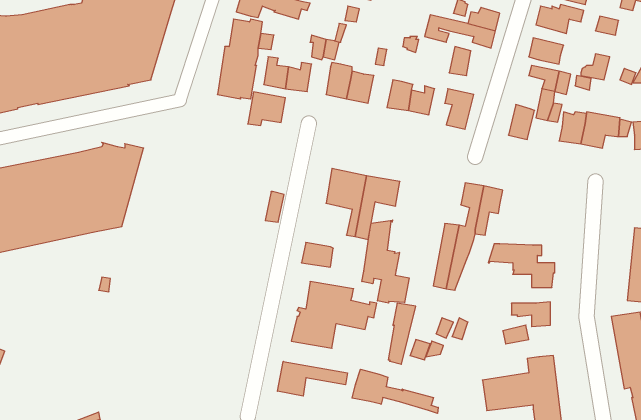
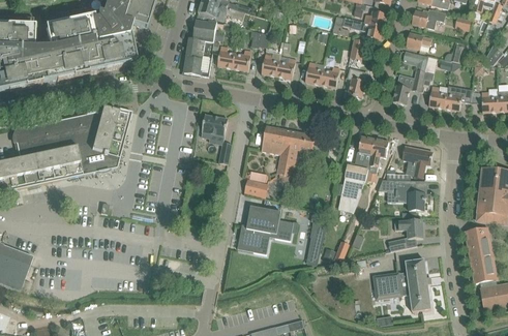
building: [248,92,285,125] -> [201,114,228,138]
building: none -> [402,145,432,178]
building: [362,220,409,303] -> none
building: [277,361,347,396] -> none
building: [352,369,438,413] -> none

